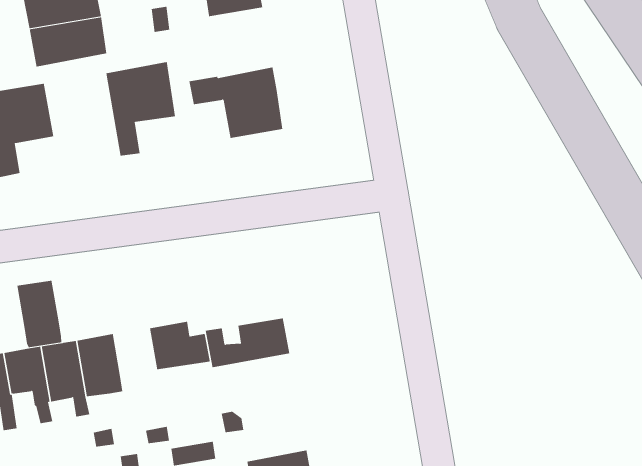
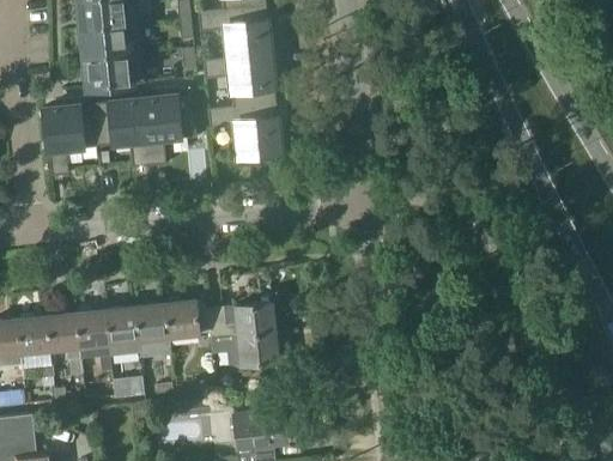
building: none -> [202,53,275,107]
building: none -> [92,97,148,166]
building: [16,280,62,348] -> [134,303,168,356]
building: none -> [211,330,277,365]

